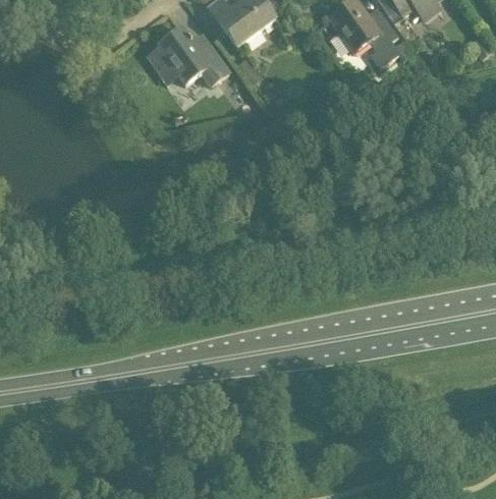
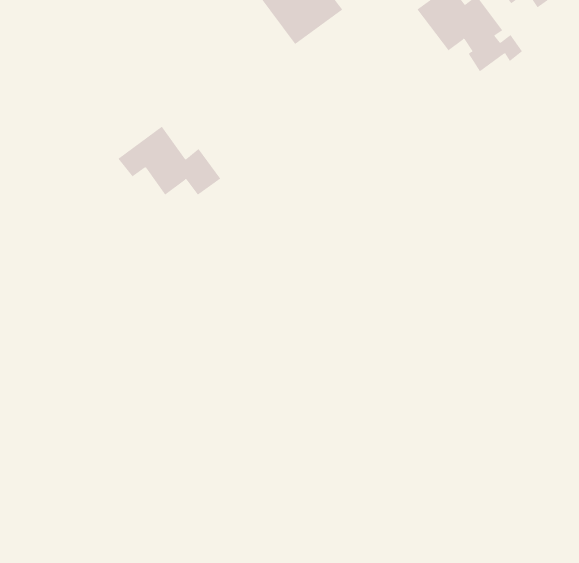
building: [148,30,228,84] -> [118,126,221,195]

